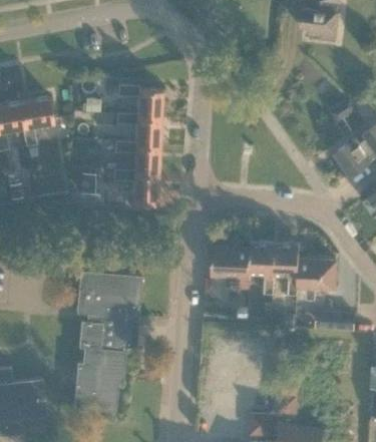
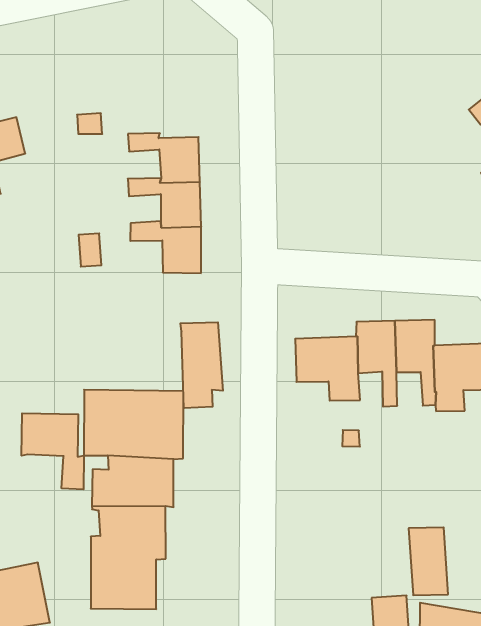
building: [115,86,160,119] -> none
building: none -> [180,322,223,408]
building: none -> [22,413,84,489]

